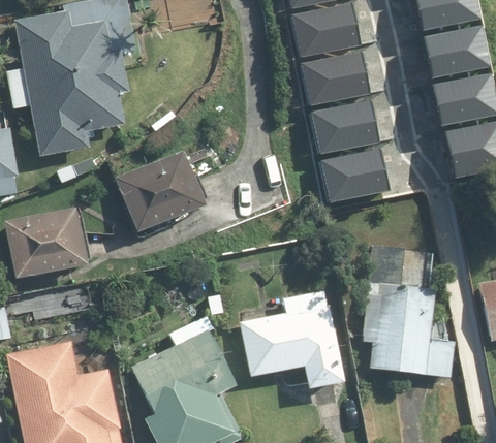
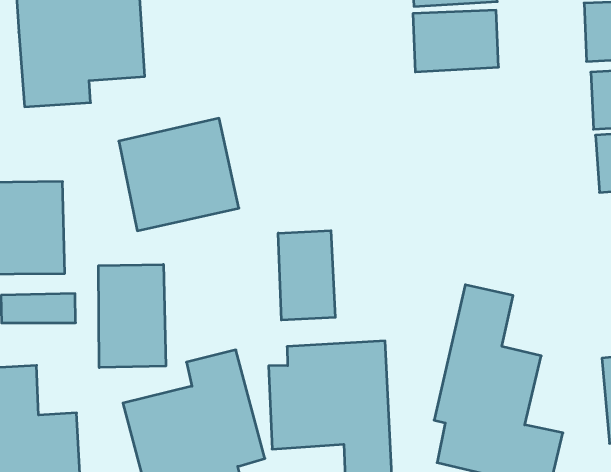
building: [318,101,384,153] -> none
building: [327,147,394,198] -> none
building: none -> [278,231,335,320]
building: none -> [99,264,166,368]

